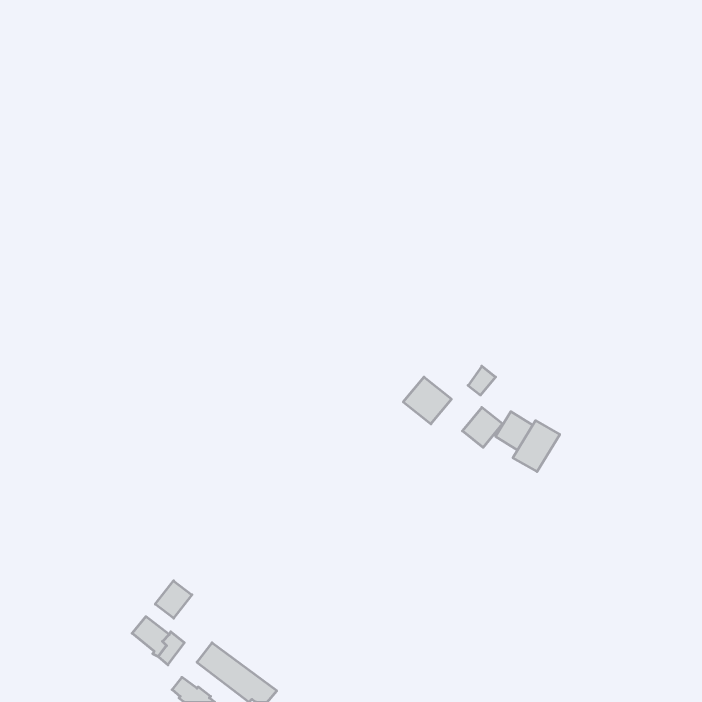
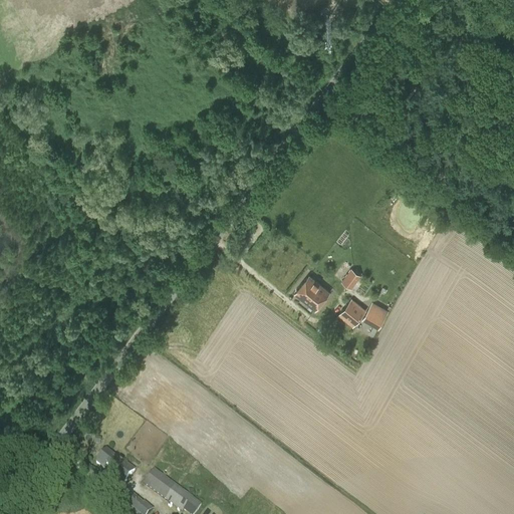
building: [513,421,560,472] -> none
building: [155,581,192,618] -> none

